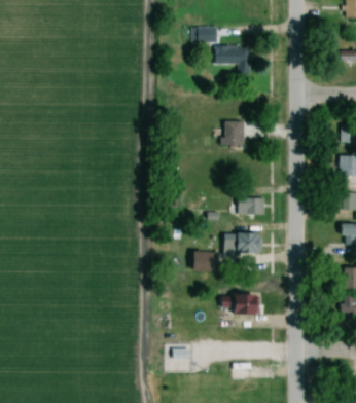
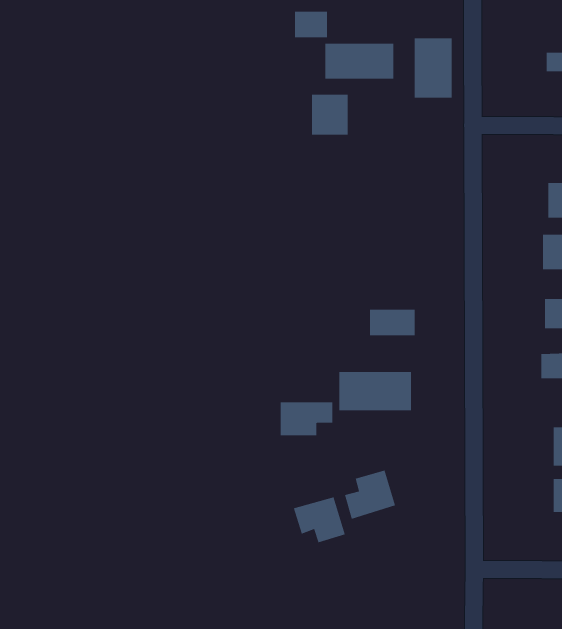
building: none -> [414,38,452,99]
building: [223,120,245,144] -> [311,94,349,135]
building: none -> [293,497,345,543]

